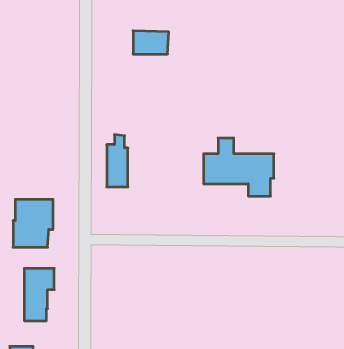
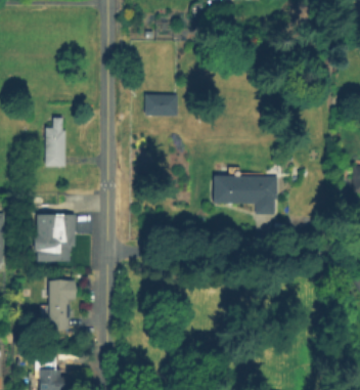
building: [133,31,169,54] -> [144,95,177,117]
building: [107,135,128,187] -> [45,119,64,167]

